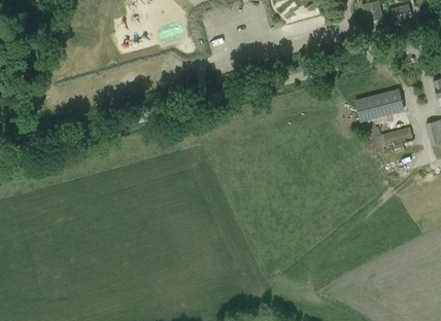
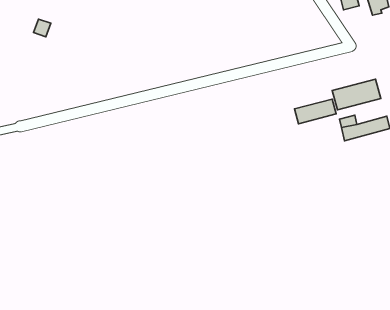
building: none -> [295,99,336,124]

